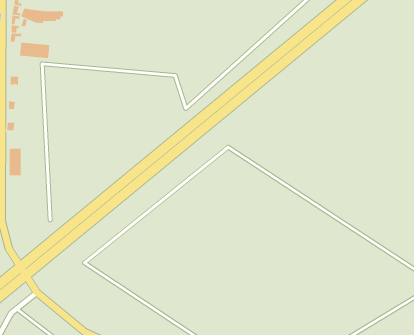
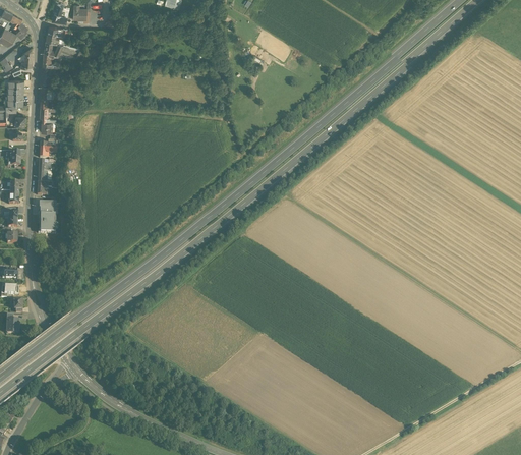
building: [19,42,50,59] -> none

